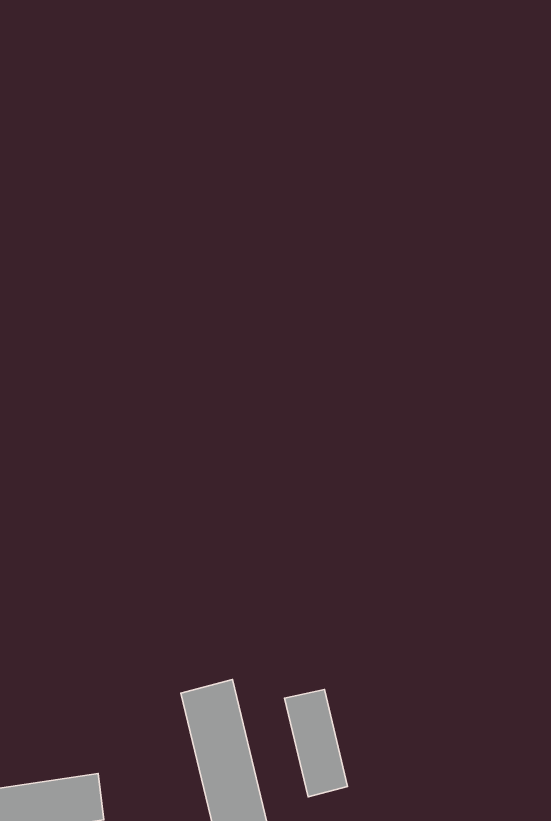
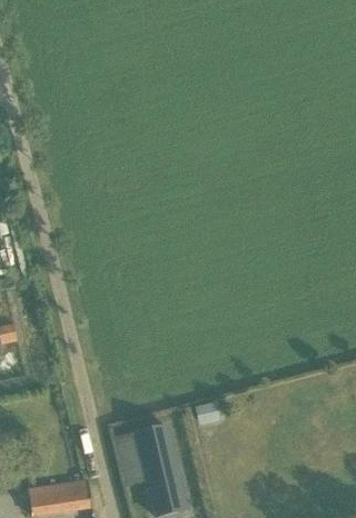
building: [285,689,348,797] -> none

